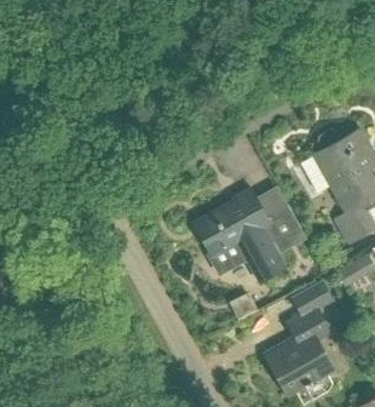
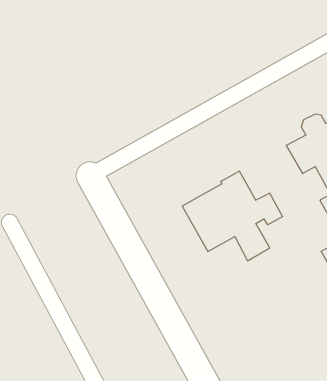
building: [269,280,335,394] -> none

